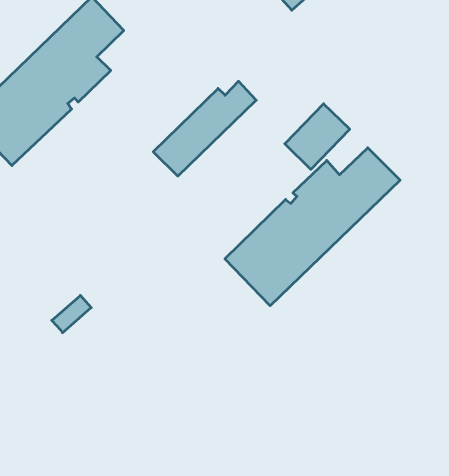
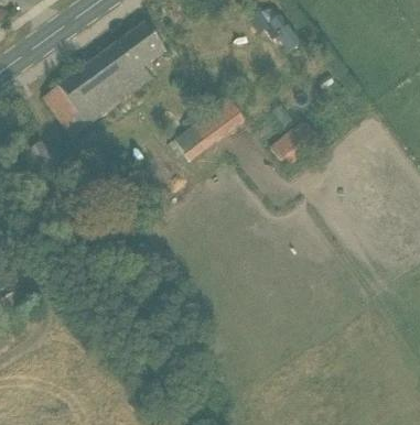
building: [225,148,400,306] -> none

